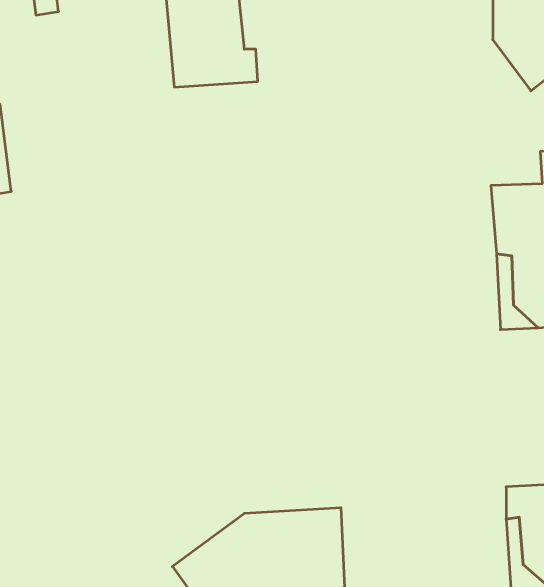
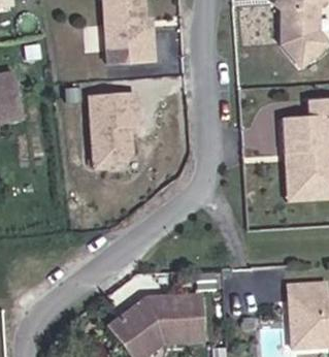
building: none -> [91,95,139,170]

